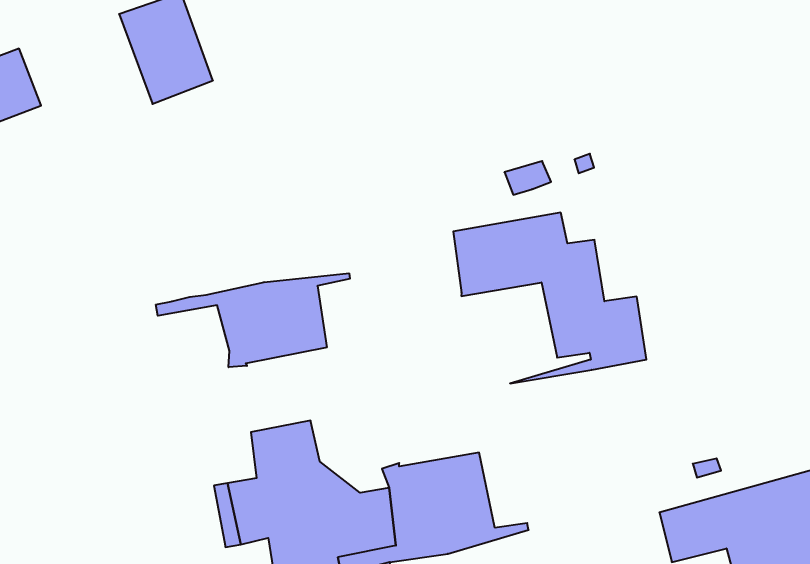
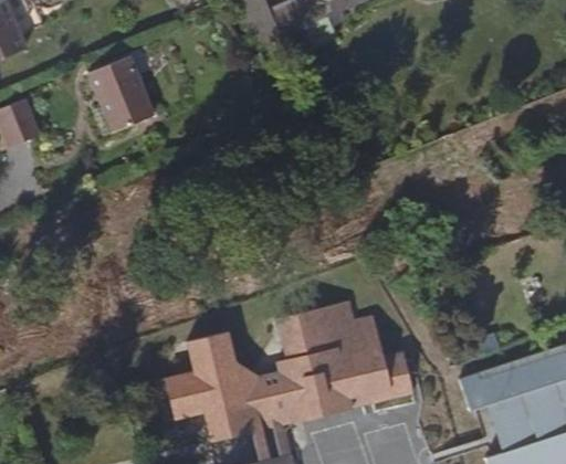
building: [453,213,646,383] -> [279,299,410,413]
building: [156,273,350,367] -> none

